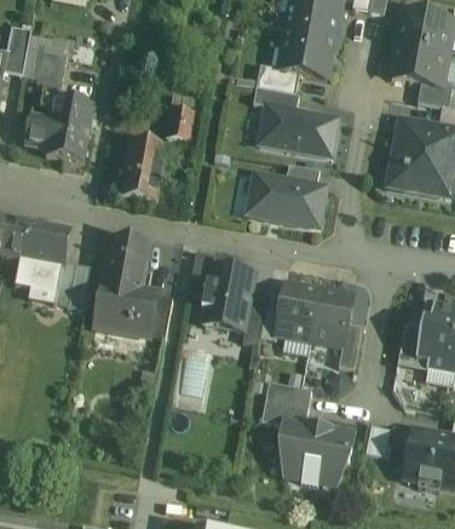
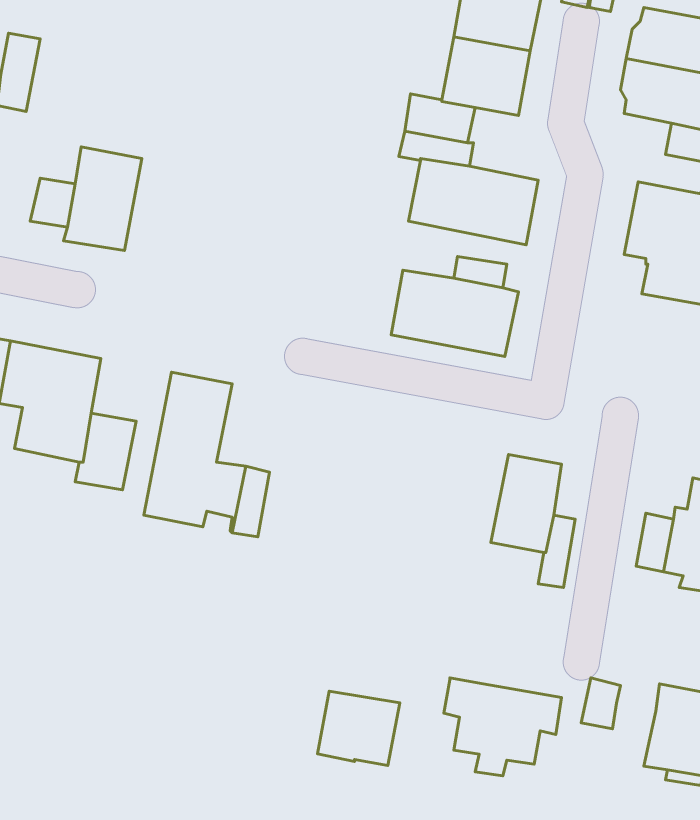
building: [35,50,67,92] -> none
building: [165,107,194,142] -> none
building: [120,139,166,202] -> none
building: [201,265,254,332] -> none
building: [276,281,319,341] -> none
building: [260,383,311,429] -> [317,691,400,766]

